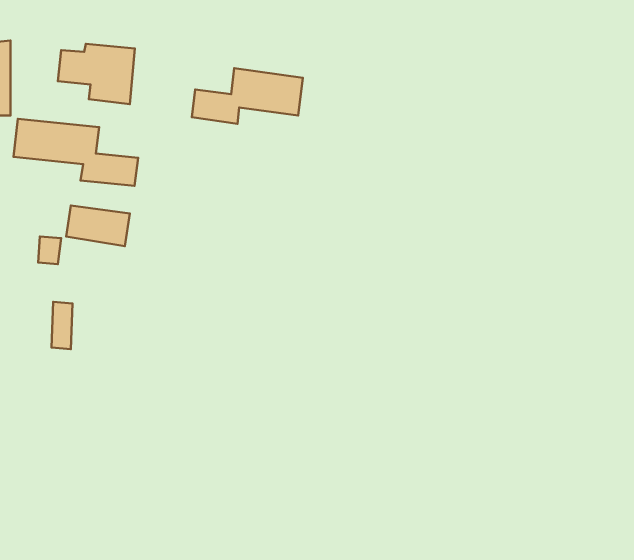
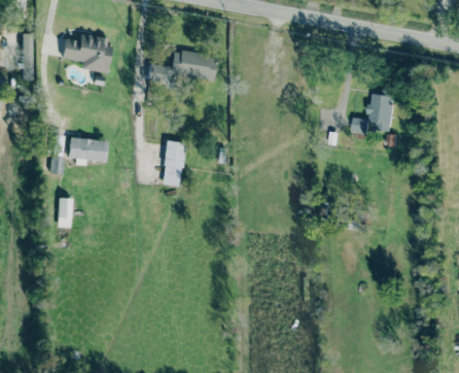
building: [14,119,138,186] -> none
building: none -> [352,91,395,135]
building: none -> [163,141,185,186]

